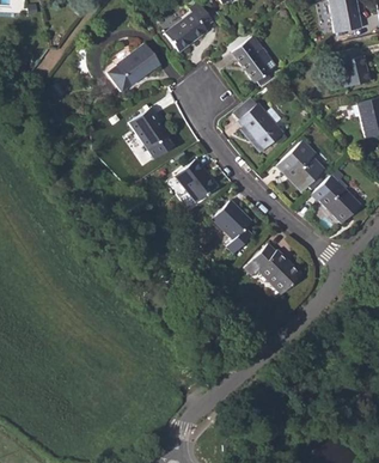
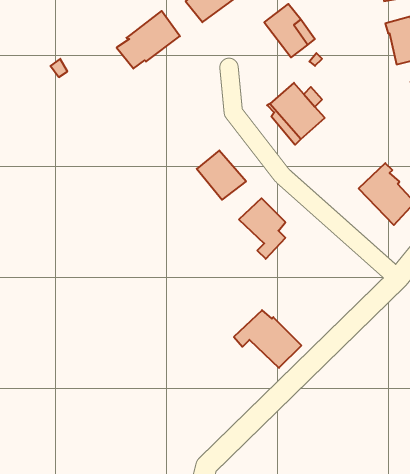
building: [129,106,169,150] -> none
building: [277,141,325,191] -> none
building: [244,244,301,293] -> [234,310,301,368]

